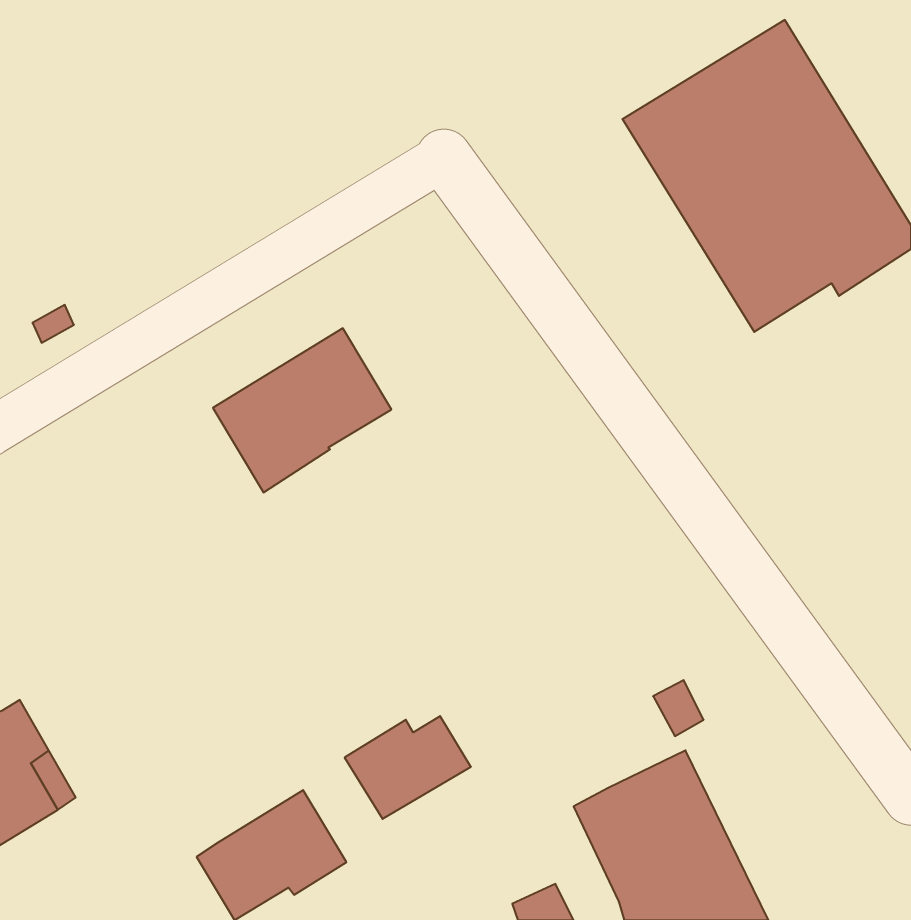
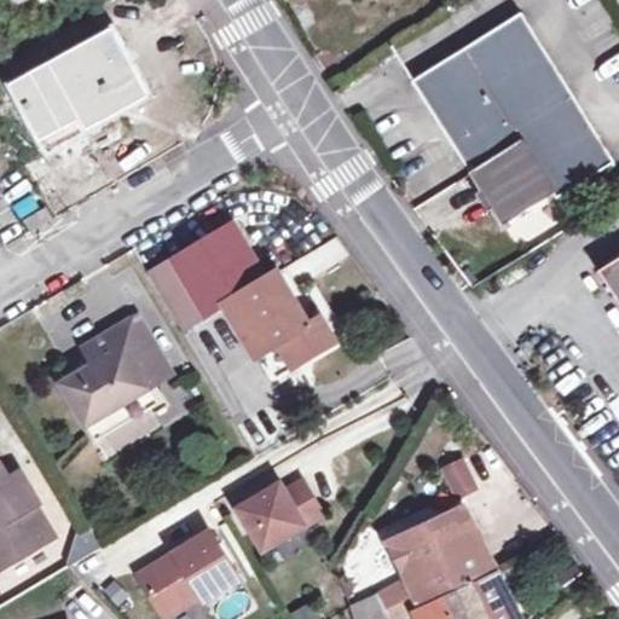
building: none -> [12,31,141,144]
building: none -> [220,267,330,377]
building: none -> [62,314,168,446]

